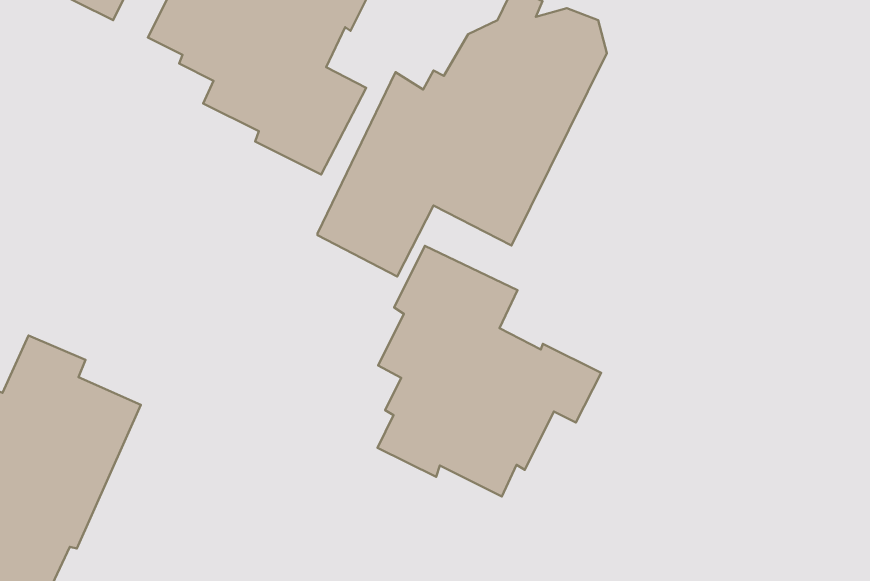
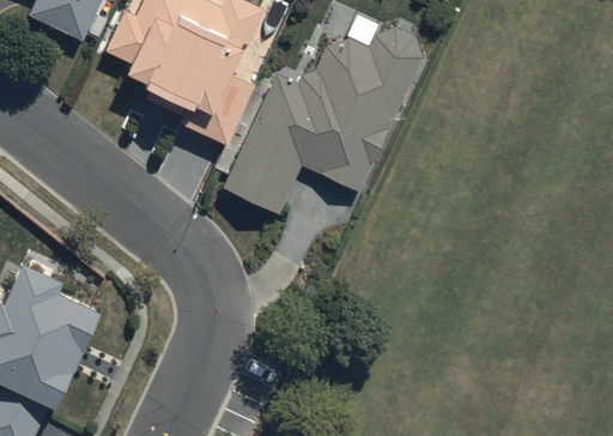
building: [378,246,601,496] -> none

